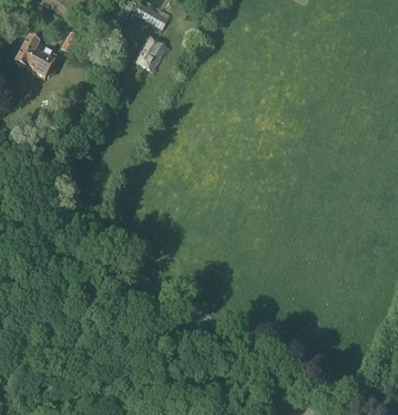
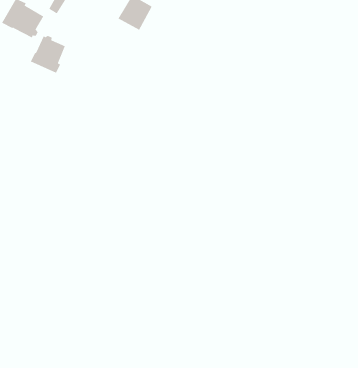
building: none -> [30,35,66,74]

